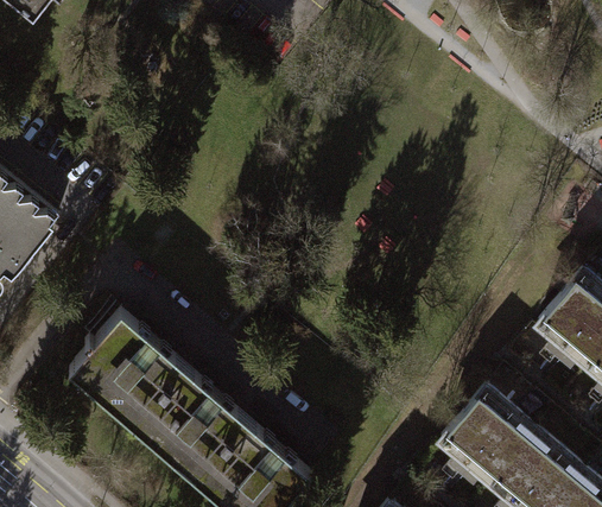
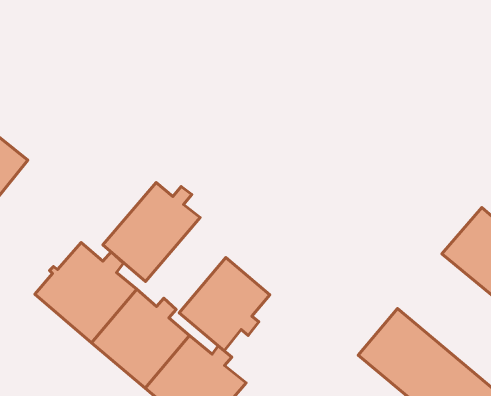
building: none -> [103,182,200,281]
building: none -> [179,257,270,351]

